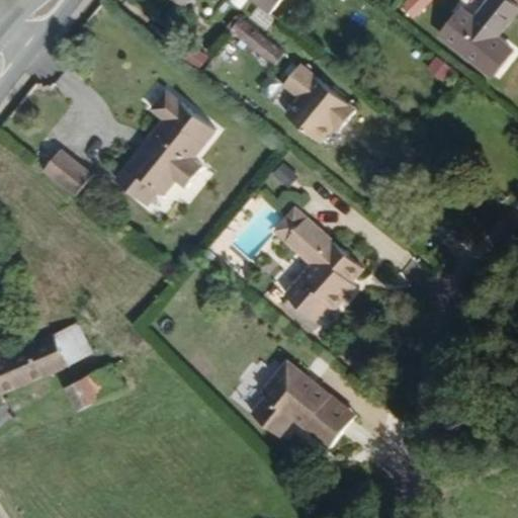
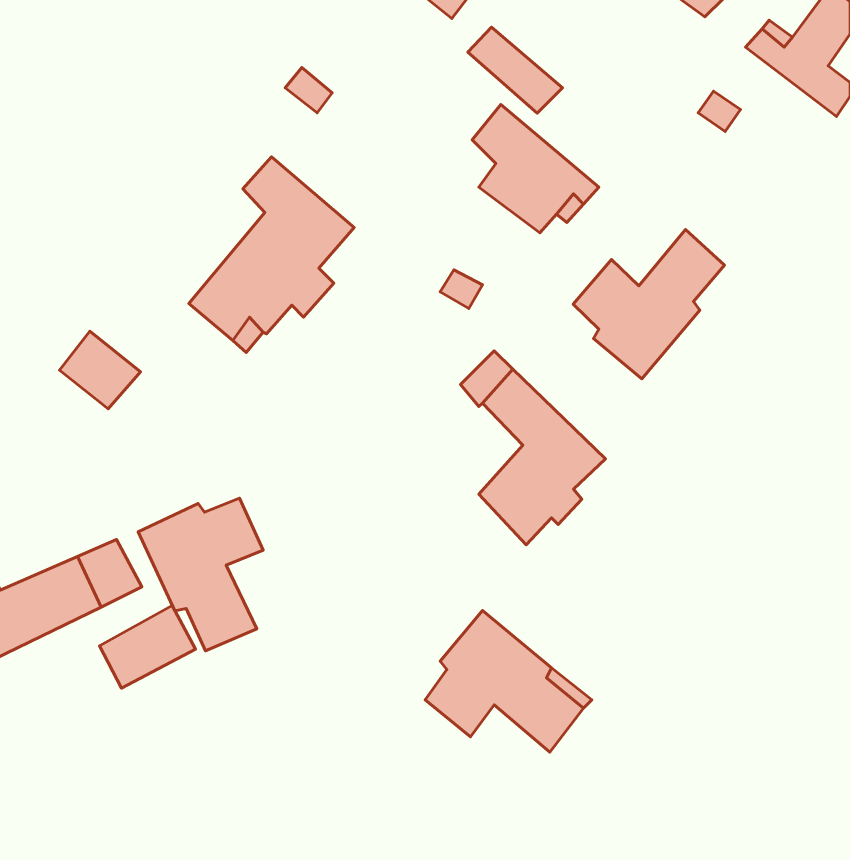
building: [231,13,287,65] -> [468,27,562,113]
building: none -> [573,229,725,379]
building: [42,149,91,195] -> [59,331,140,409]
building: none -> [138,498,263,651]

